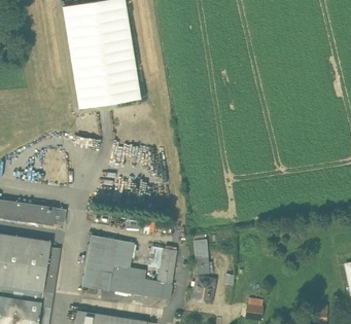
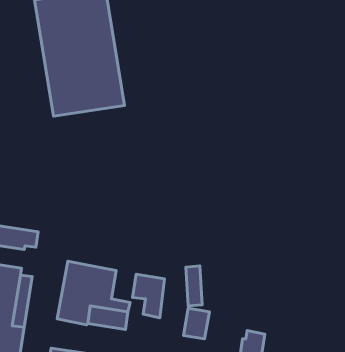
building: [141,280,179,301] -> none

